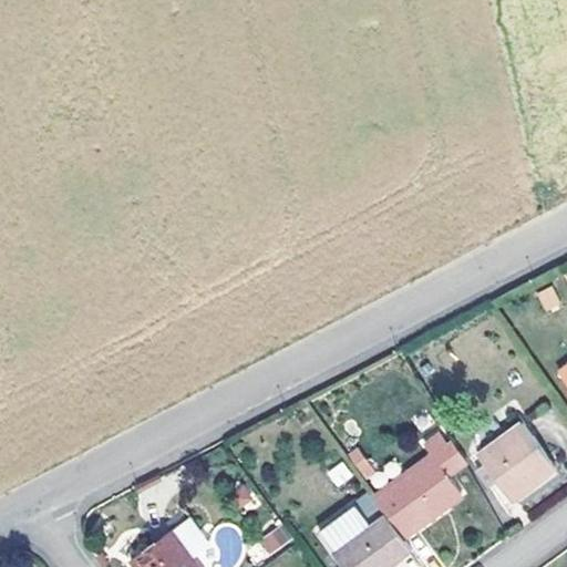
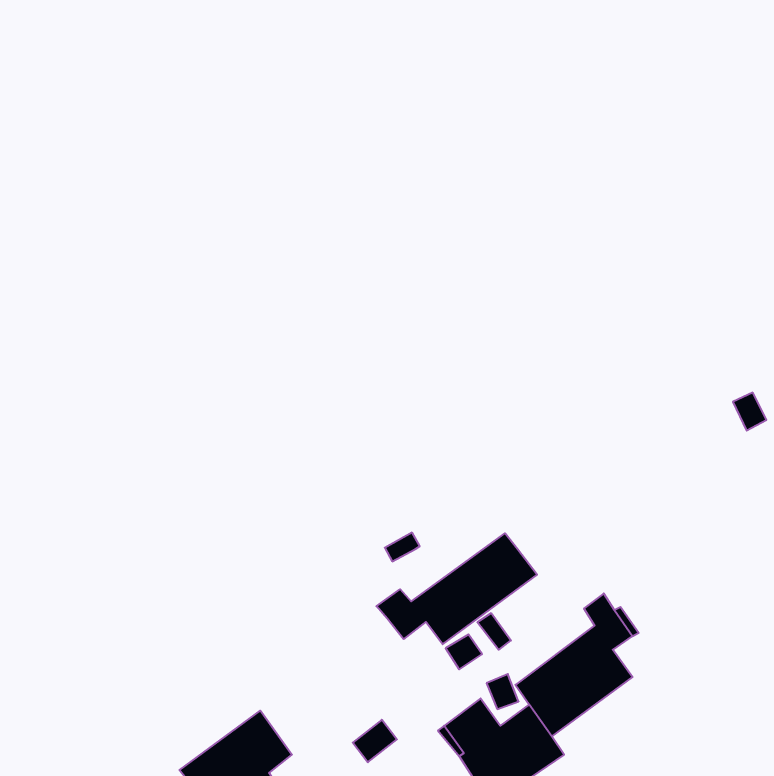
building: none -> [376,533,537,644]
building: [478,424,555,501] -> none

